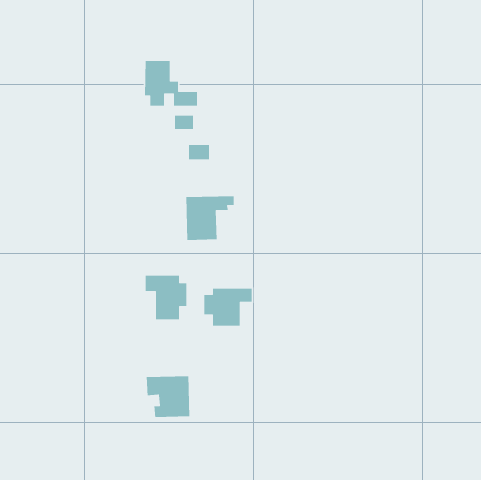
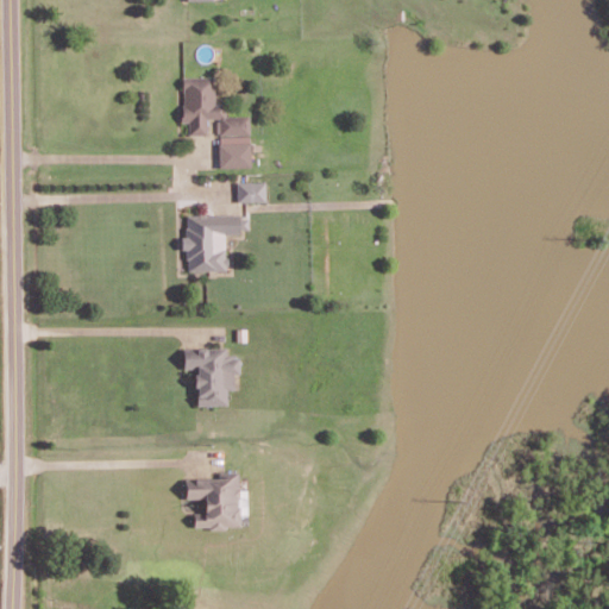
building: [186,196,235,241] -> [186,215,247,272]
building: [203,288,252,327] -> none

